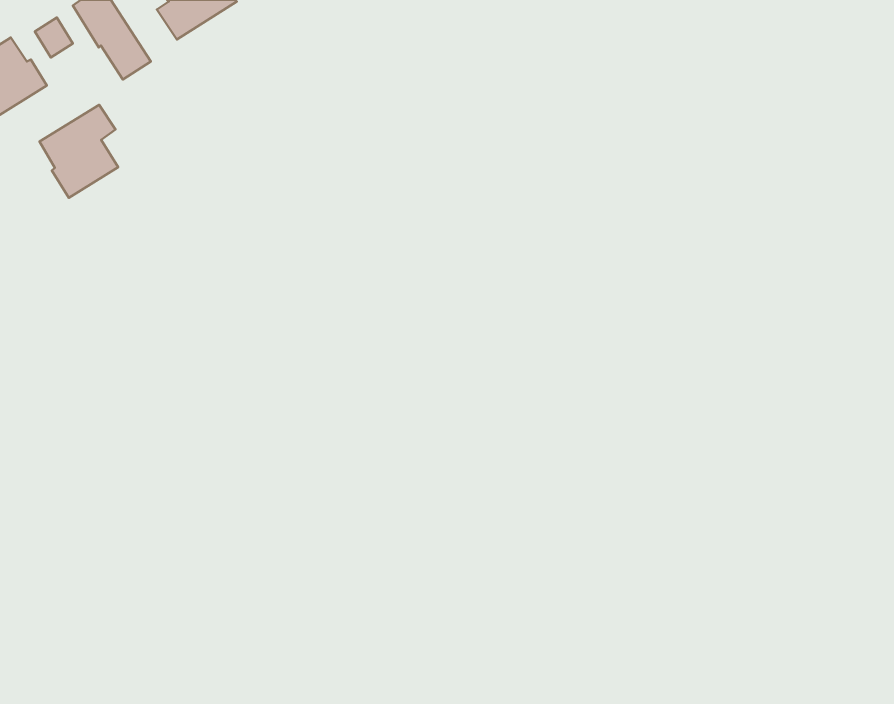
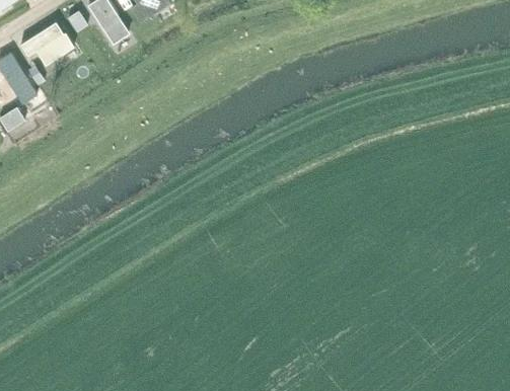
building: [39,105,118,198] -> none

